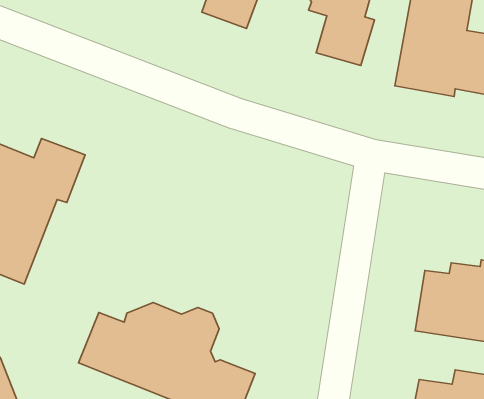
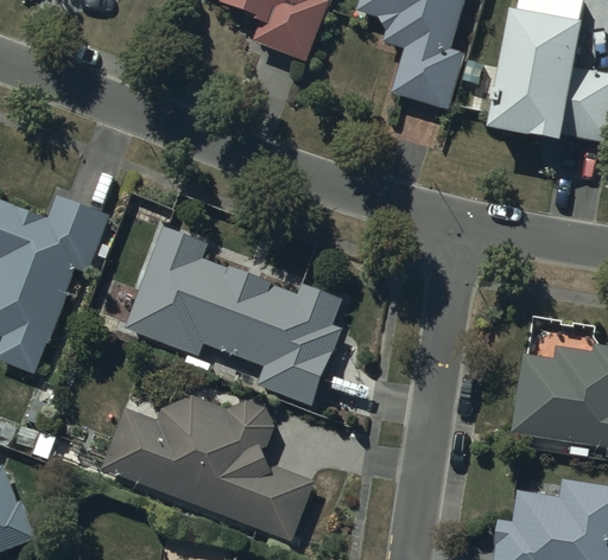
building: none -> [128,229,343,407]

